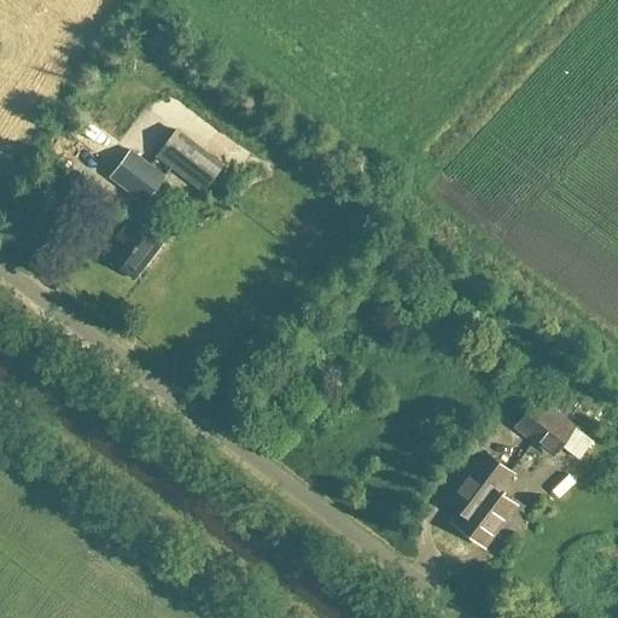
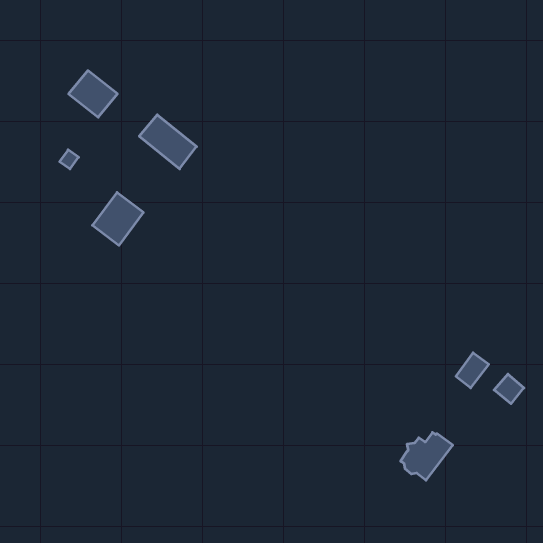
building: [111,150,167,203] -> [69,71,117,117]
building: [535,414,573,454] -> none
building: [448,454,509,513] -> none

